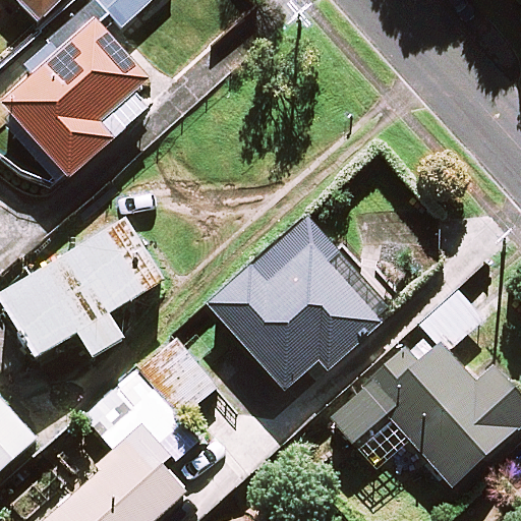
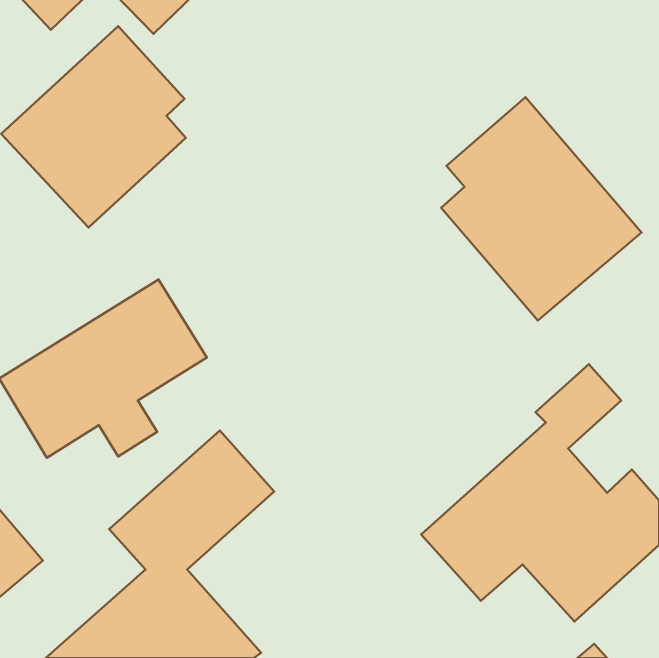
building: none -> [441,97,641,320]
building: [208,218,378,390] -> none

